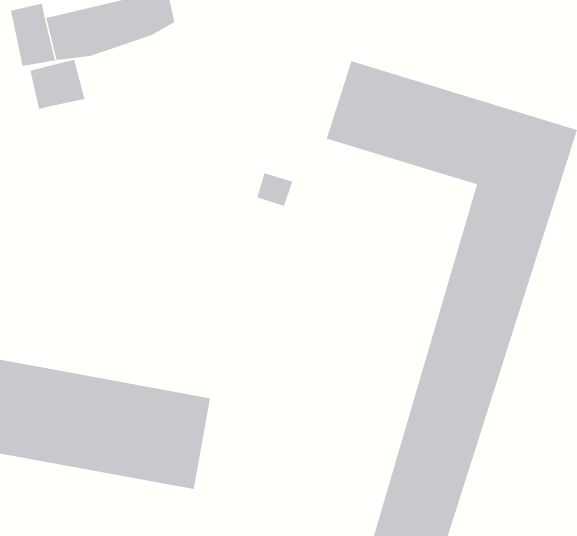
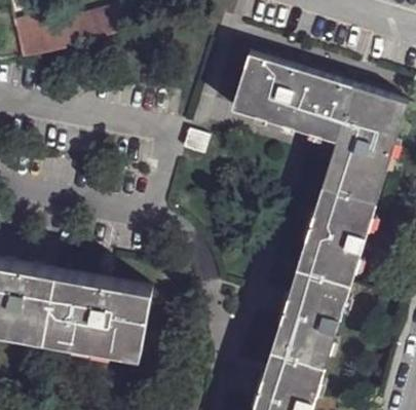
building: [30,59,85,110] -> none

